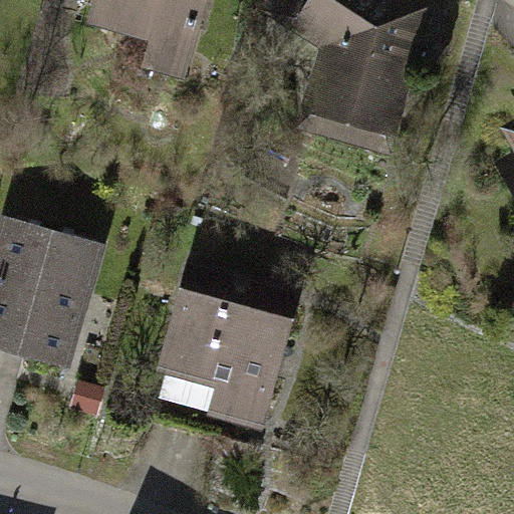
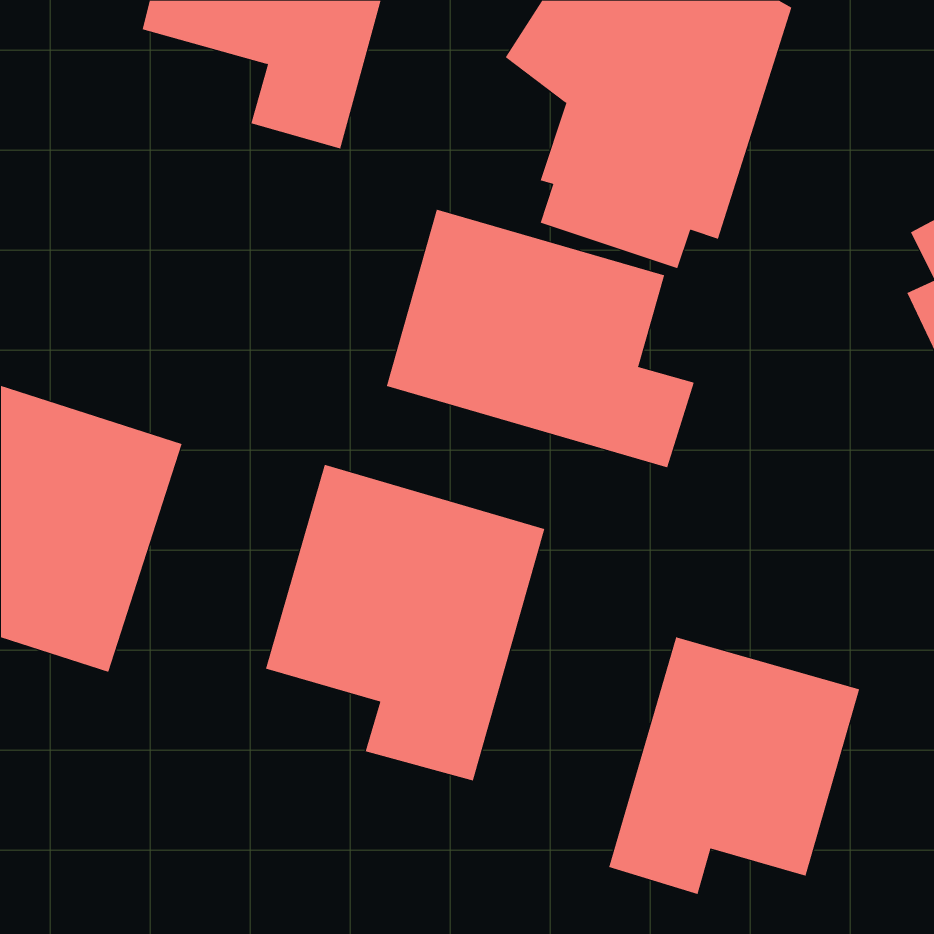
building: none -> [386,209,695,468]
building: none -> [608,637,860,895]

